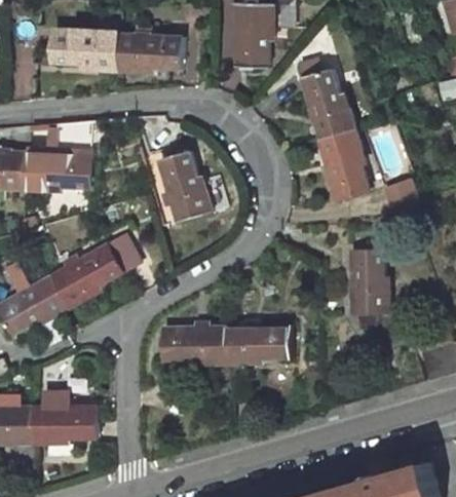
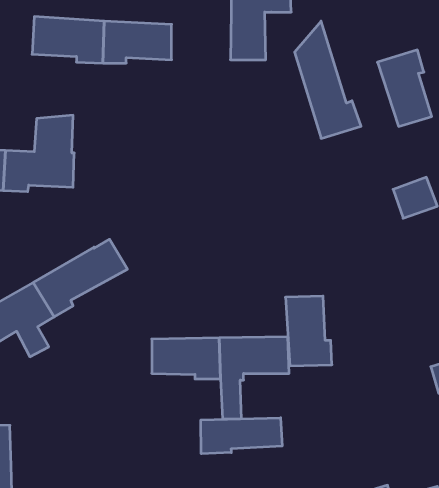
building: [318,129,369,200] -> [377,50,432,126]
building: [156,151,212,223] -> none
building: [348,247,391,312] -> [285,296,332,366]
building: [30,391,92,444] -> none
building: none -> [201,418,282,454]

